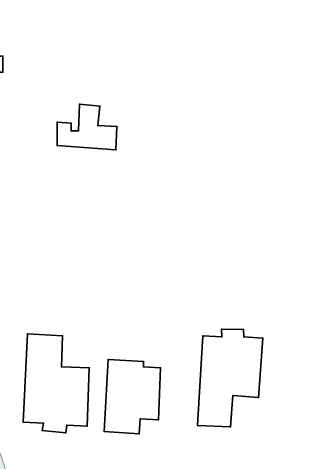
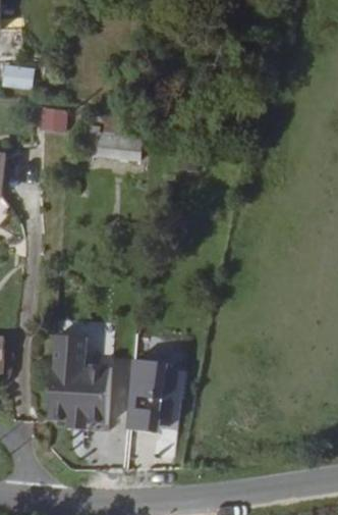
building: [197,329,263,427] -> none

